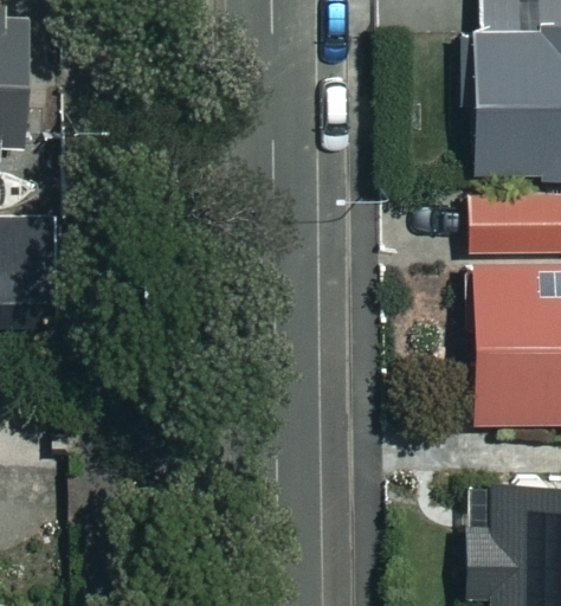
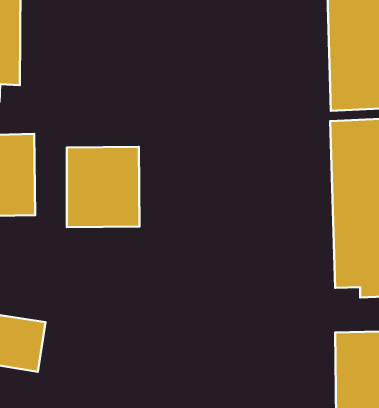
building: none -> [67,147,140,227]

